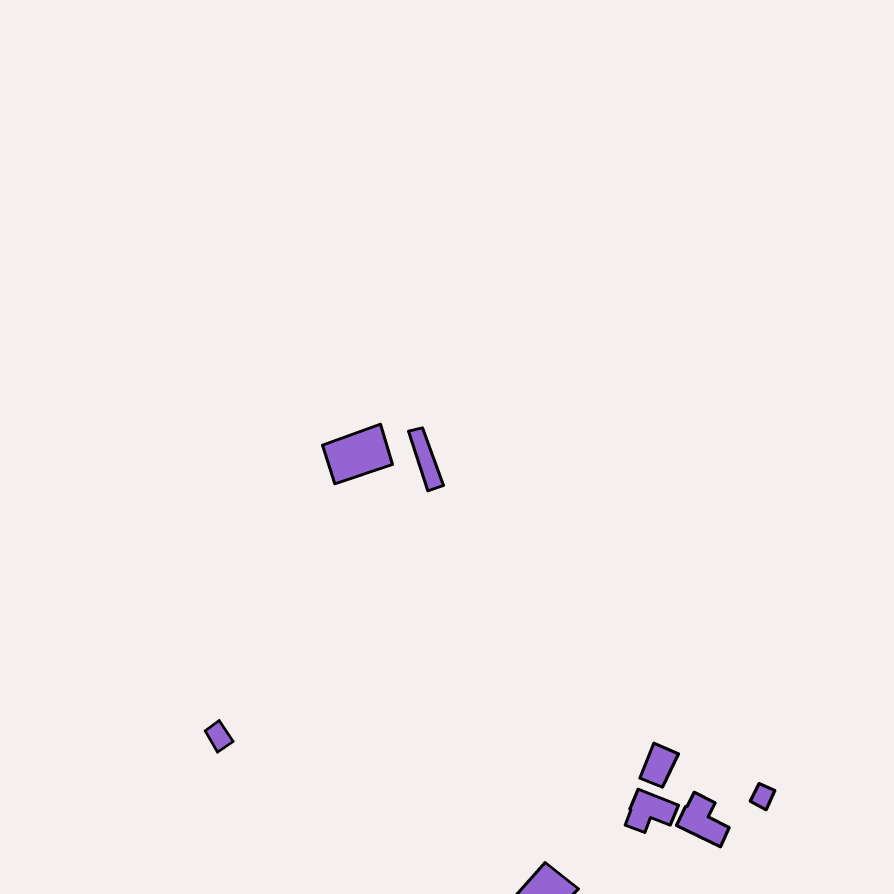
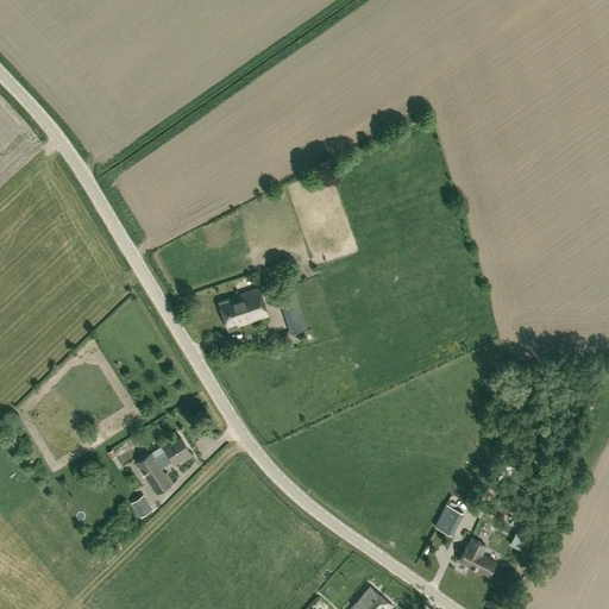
building: none -> [138,438,193,495]
building: [625,789,678,833] -> none

